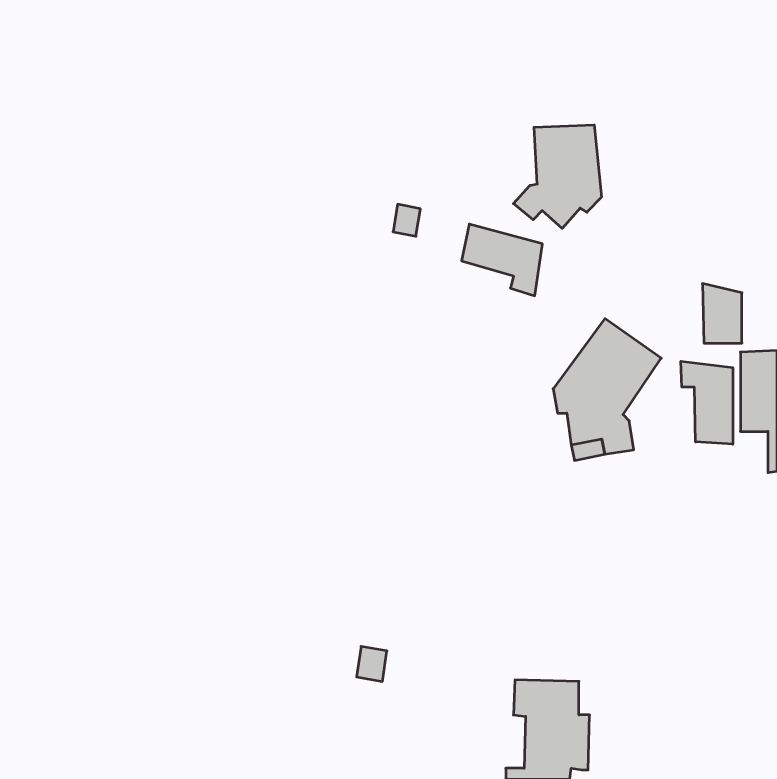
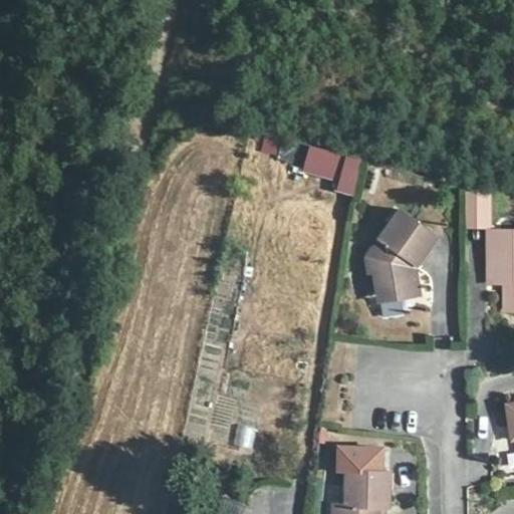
building: [513,125,601,228] -> none
building: [681,361,733,444] -> none

